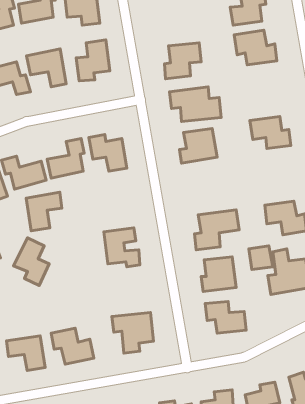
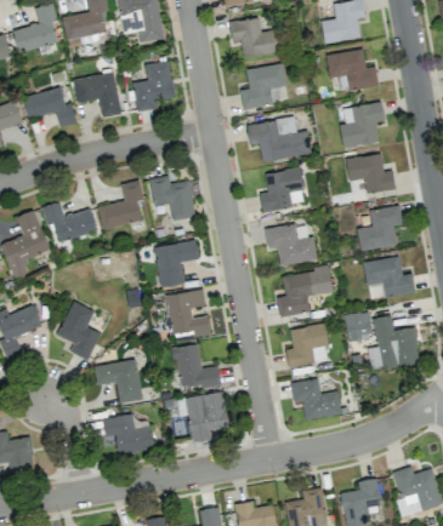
building: none -> [229,17,280,57]
building: none -> [340,102,386,148]
building: none -> [358,206,403,250]
building: none -> [266,223,318,265]
building: [26,192,62,231] -> [155,240,199,287]
building: none -> [174,344,222,389]
building: [6,336,45,371] -> [95,360,142,402]

